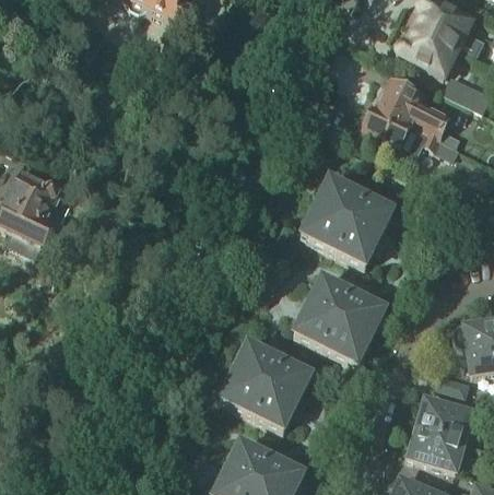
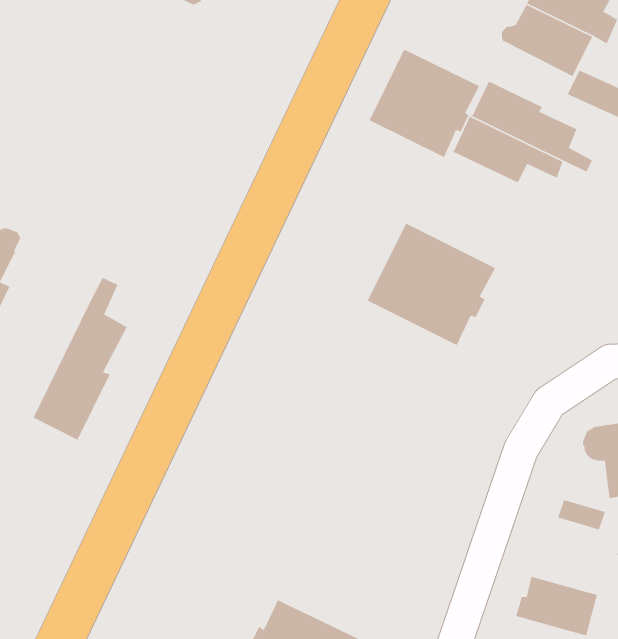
building: none -> [368,48,480,158]
building: none -> [32,277,128,441]
building: [294,276,385,363] -> none
building: [220,342,310,428] -> none
building: [416,394,472,438] -> none

